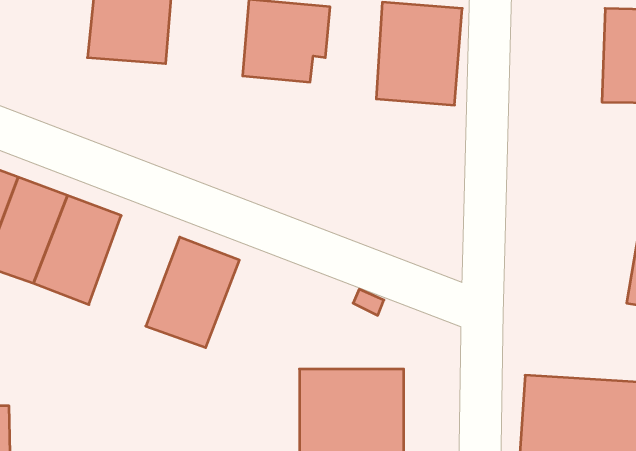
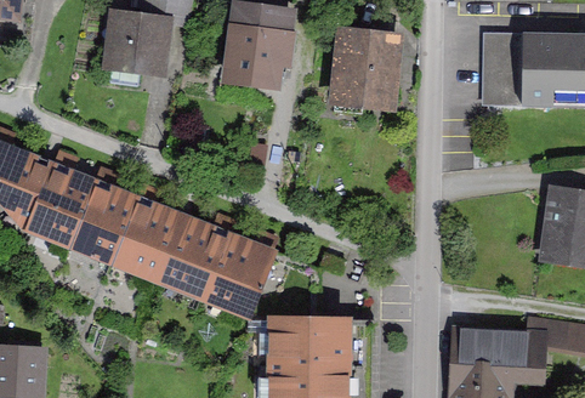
building: none -> [475,30,516,104]
building: none -> [108,194,180,282]
building: none -> [200,229,280,319]

